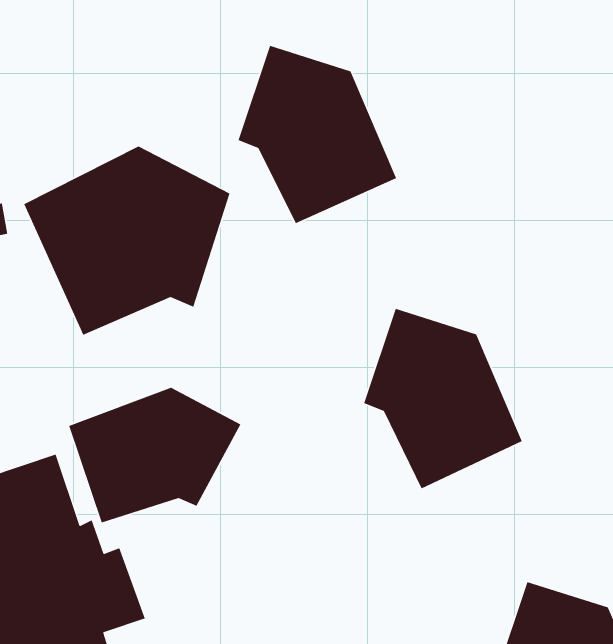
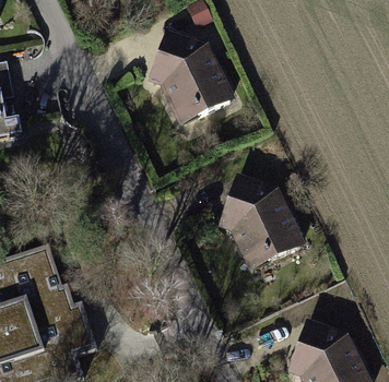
building: [23,146,231,336] -> none
building: [68,387,242,524] -> none

